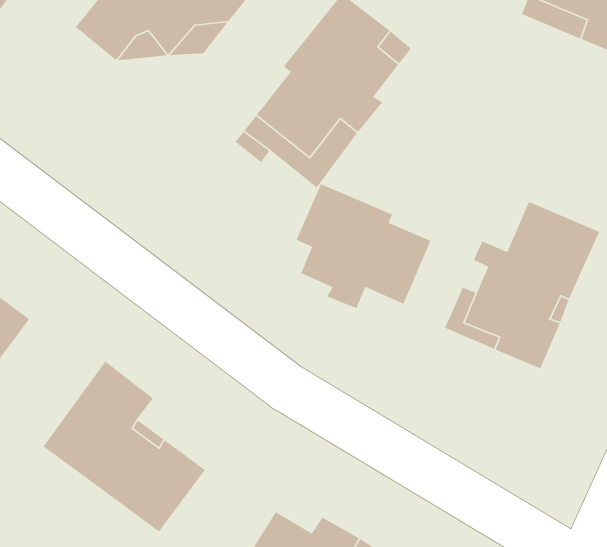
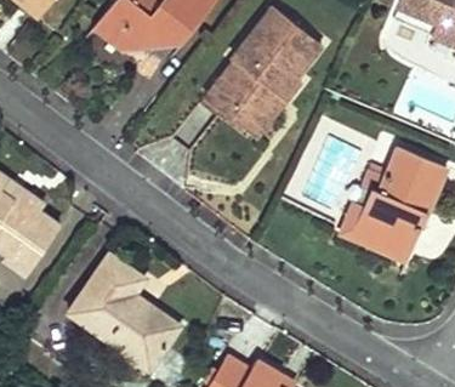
building: [295,183,431,309] -> none

